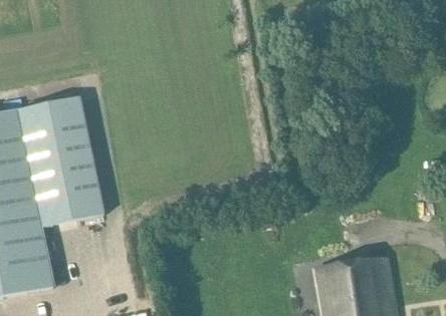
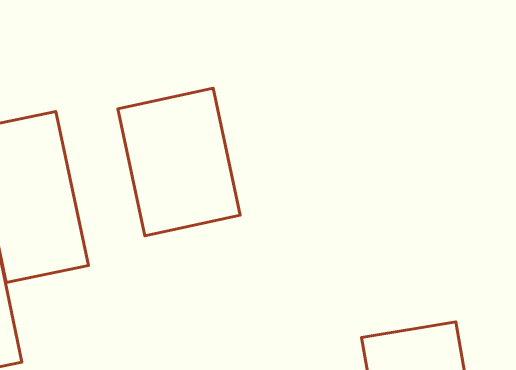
building: none -> [118,88,240,236]

